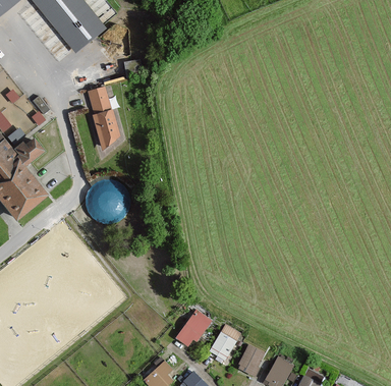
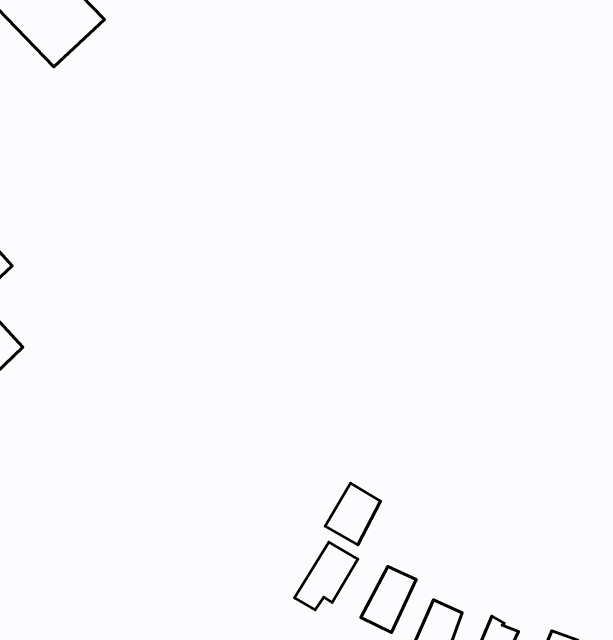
building: [89,88,118,150] -> none
building: none -> [325,483,380,545]

